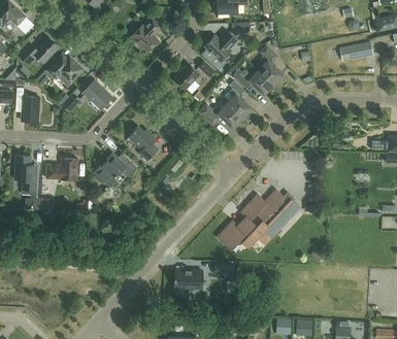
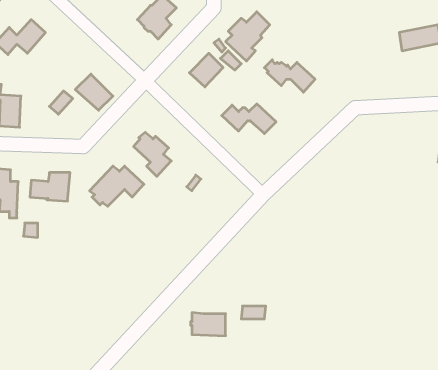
building: [259,45,283,83] -> none
building: [48,56,82,84] -> none
building: [227,80,252,117] -> none
building: [219,190,299,249] -> none

